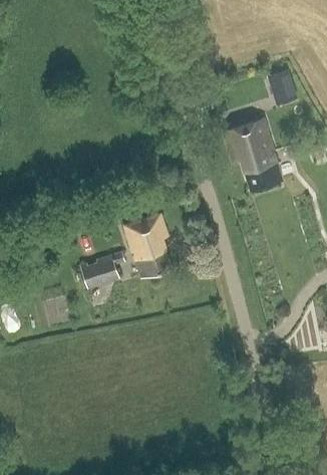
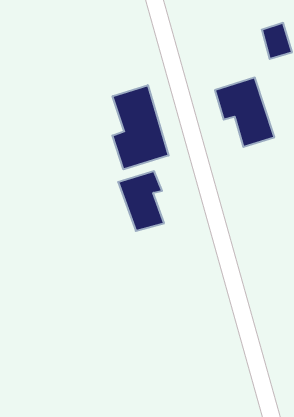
building: none -> [112,85,169,169]
building: [79,249,124,287] -> none

